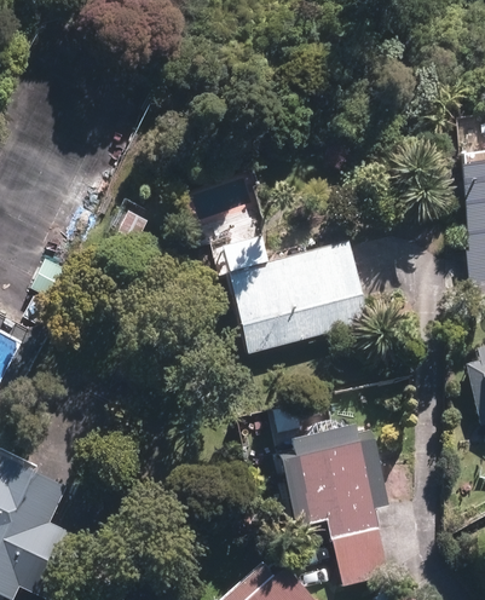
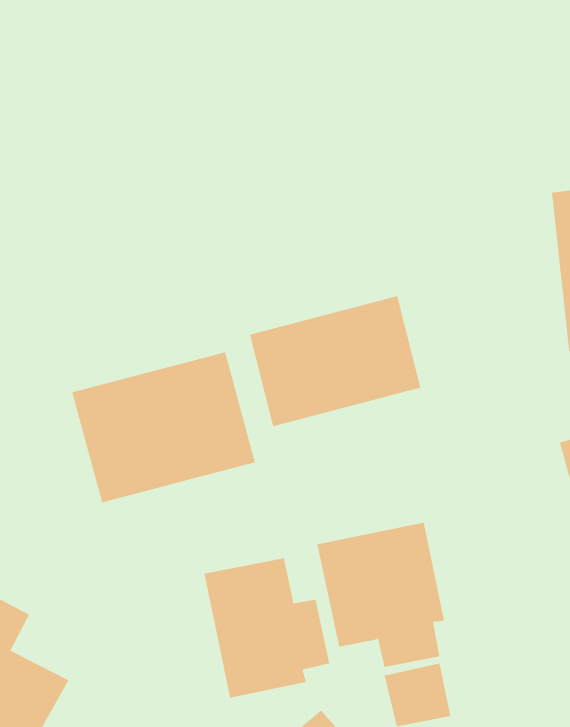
building: none -> [72,352,256,503]
building: none -> [204,557,330,698]

